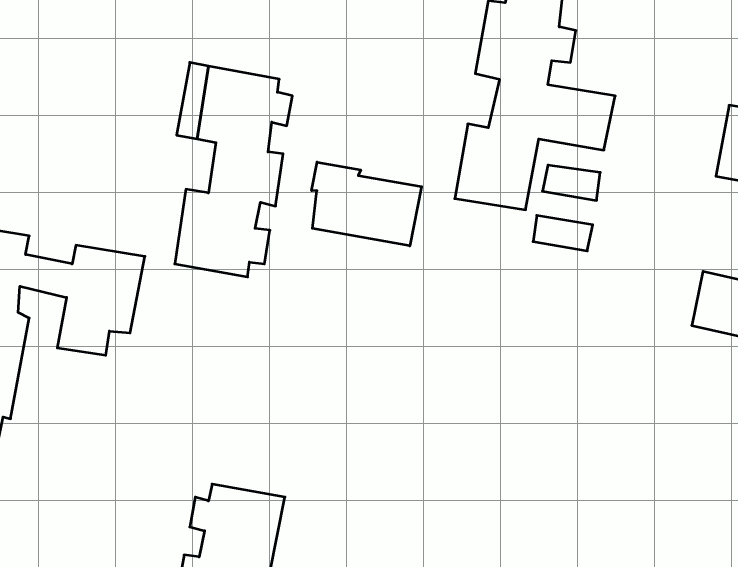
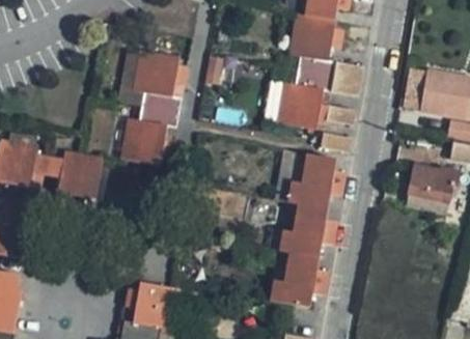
building: [312,162,422,246] -> none
building: none -> [270,153,347,309]

